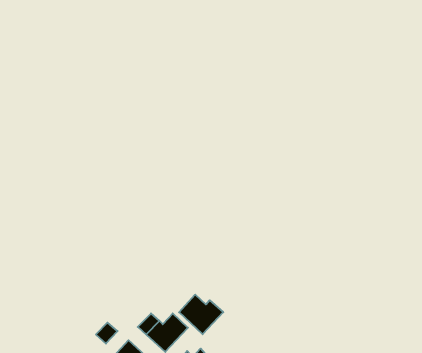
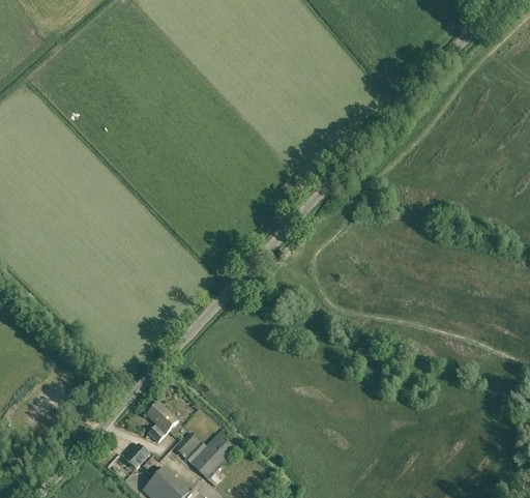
building: none -> [146,402,177,442]
building: [179,295,223,334] -> none

